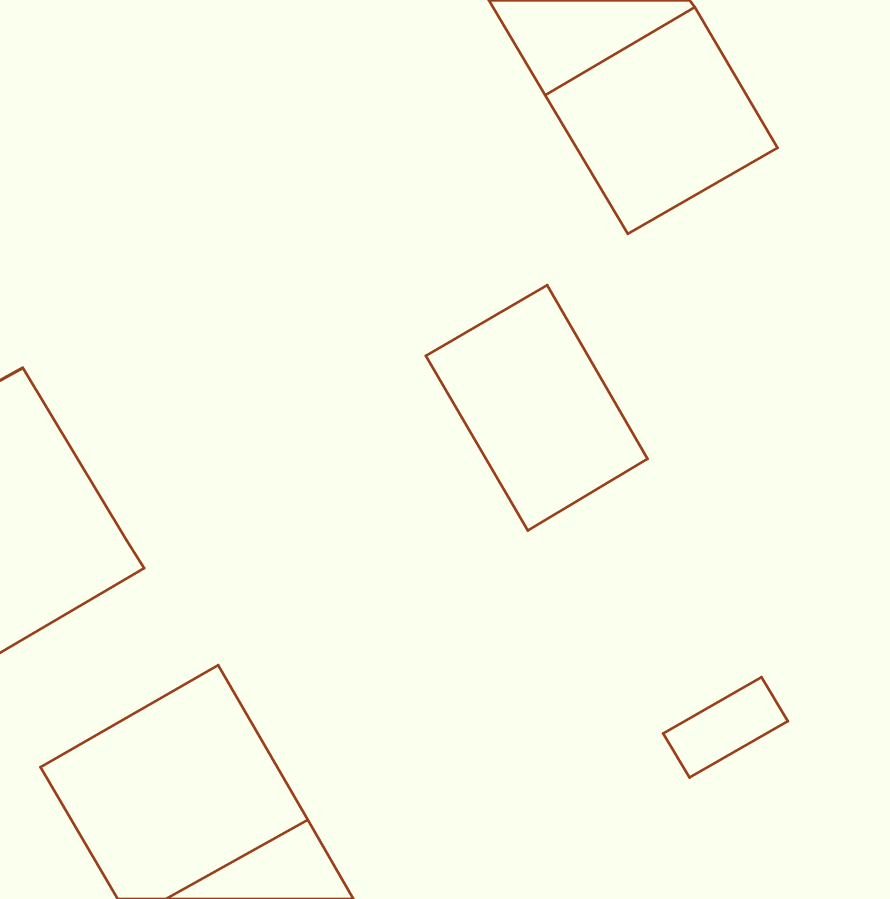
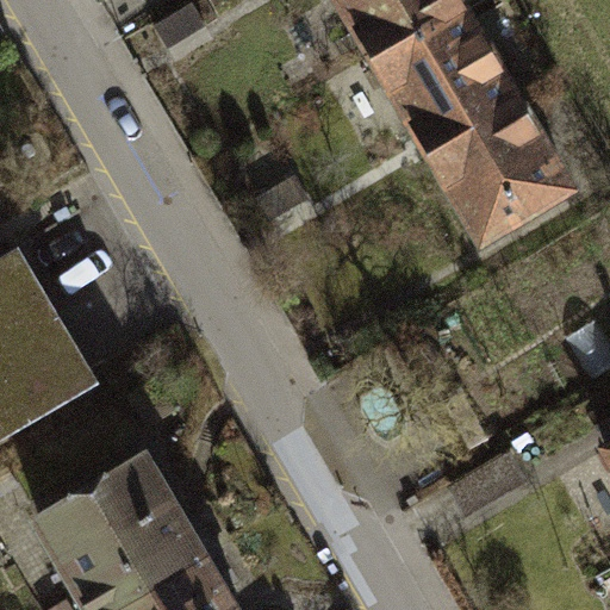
building: none -> [425,100,584,256]
building: [426,285,647,531] -> none

